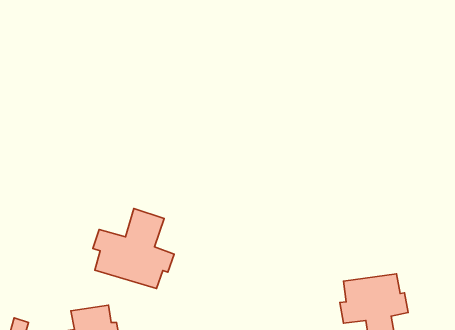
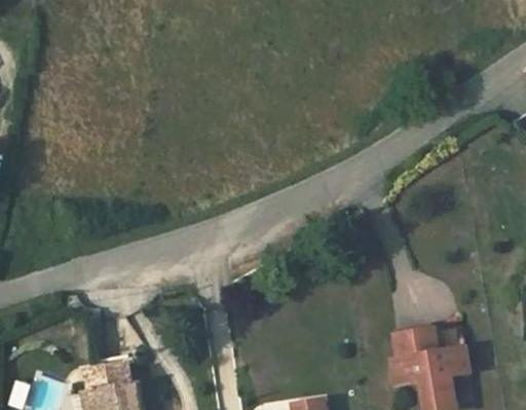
building: [93,209,174,289] -> none

